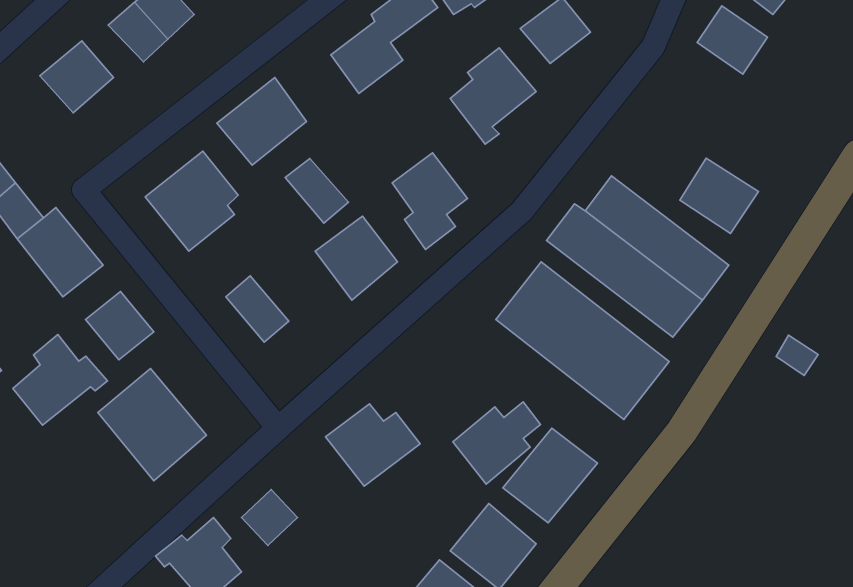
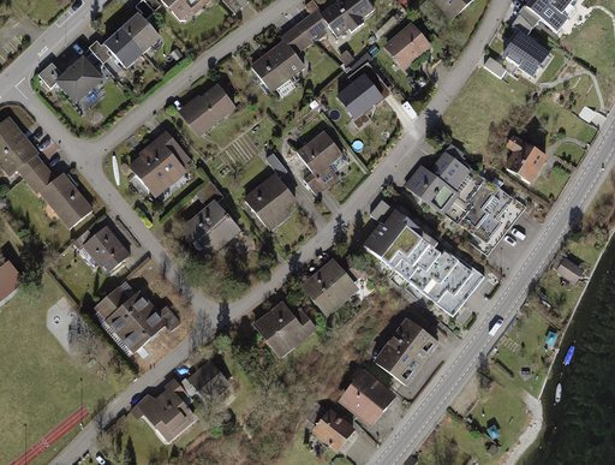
building: [285,158,348,223] -> [198,202,241,246]
building: [13,335,107,425] -> none
building: [453,402,541,484] -> [303,256,363,312]

